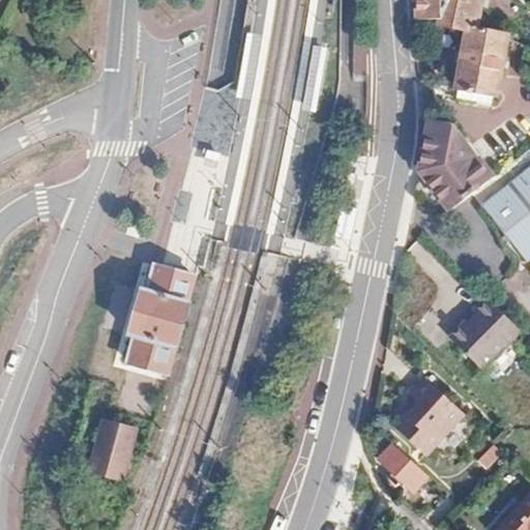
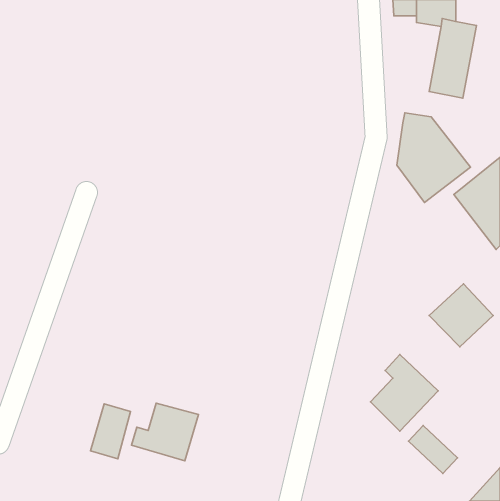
building: [124,254,206,377] -> none
building: none -> [132,403,198,461]
building: [375,441,426,492] -> [408,425,458,474]

